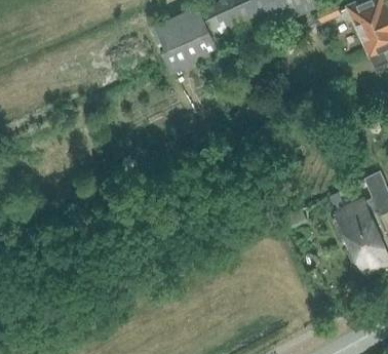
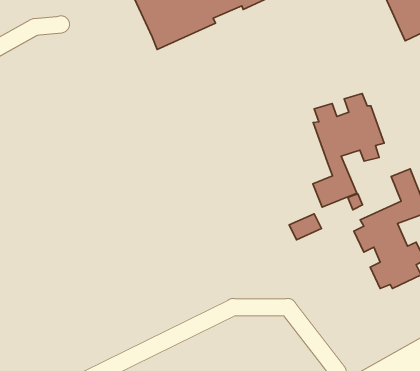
building: none -> [313,94,384,207]

